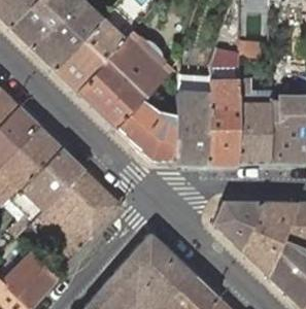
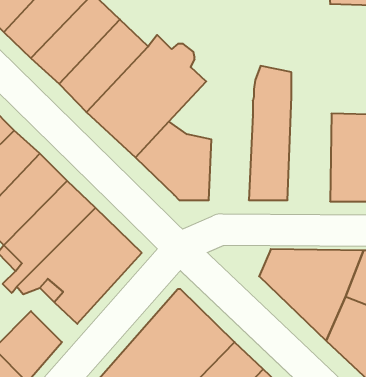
building: [174,73,210,162] -> none
building: [237,79,272,163] -> none

